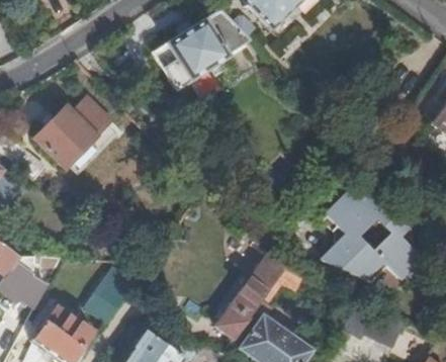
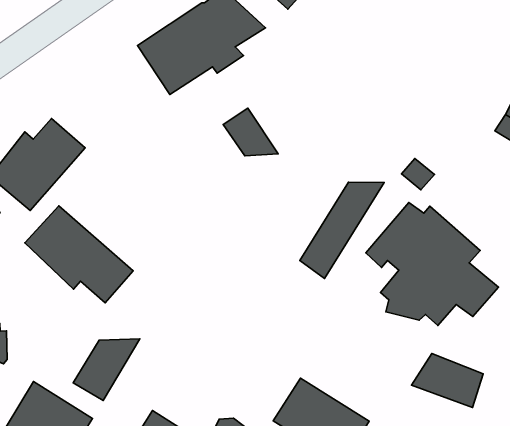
building: none -> [223,108,278,156]
building: none -> [25,206,133,303]
building: [215,265,284,338] -> [300,182,384,279]

